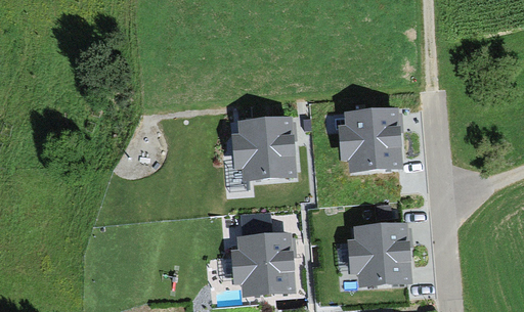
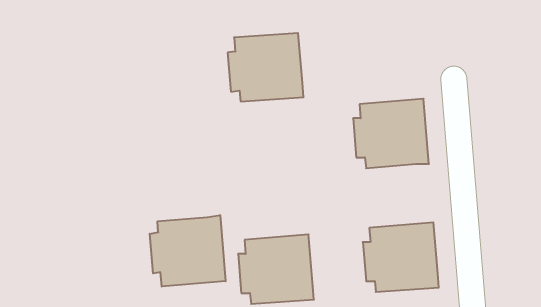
building: [226,117,298,181] -> [228,33,304,101]
building: none -> [150,215,226,287]

